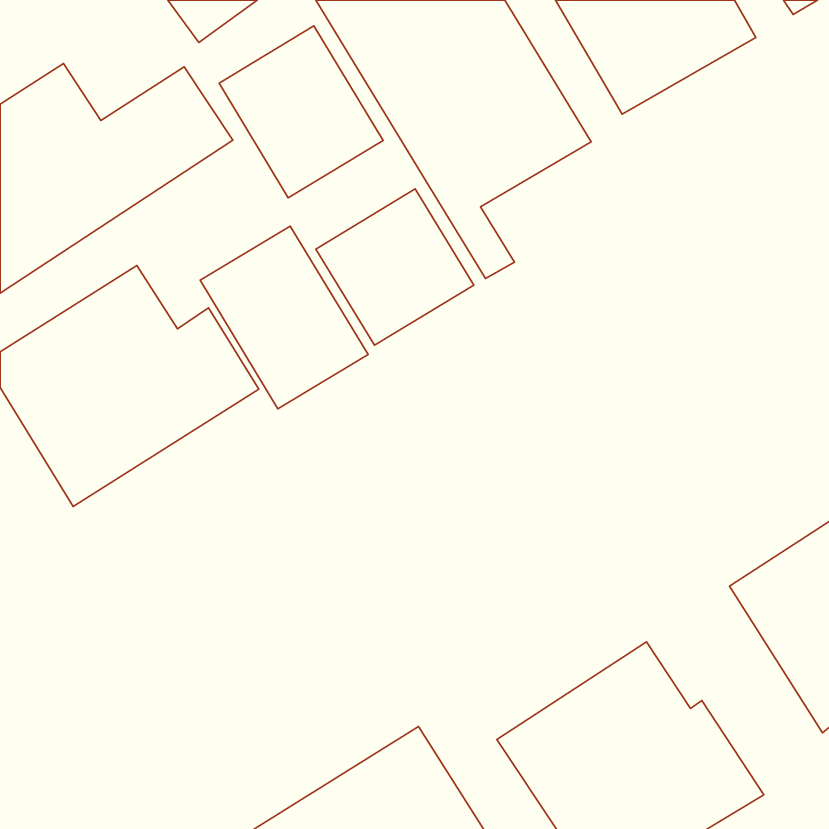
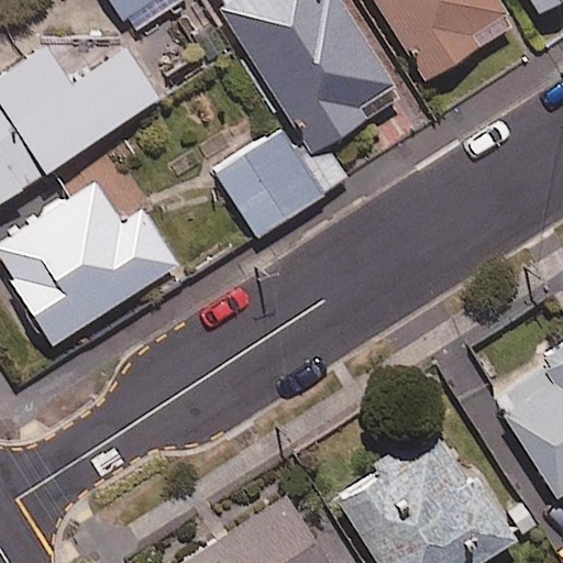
building: [219,26,383,198] -> none
building: [200,226,368,409] -> none

